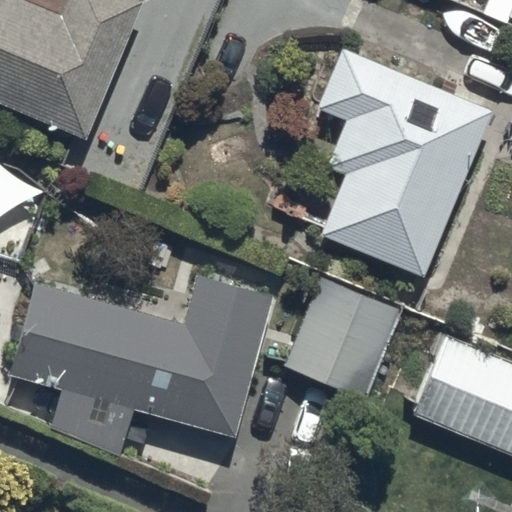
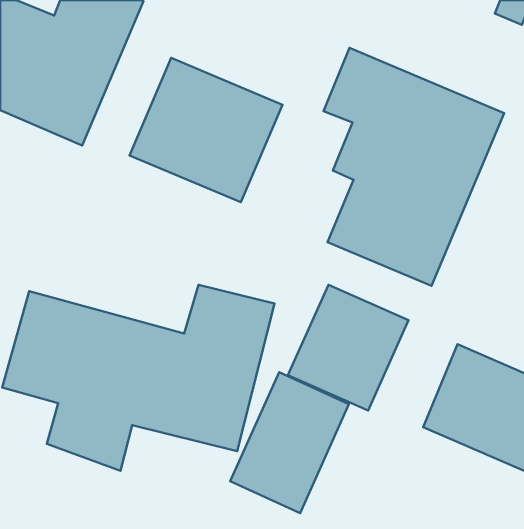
building: none -> [129,58,283,202]
building: none -> [230,372,349,513]

